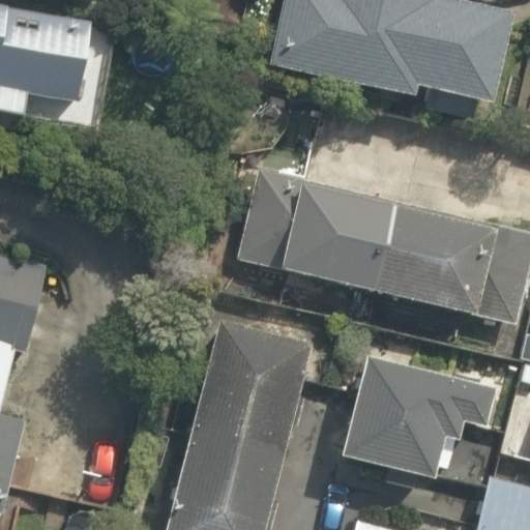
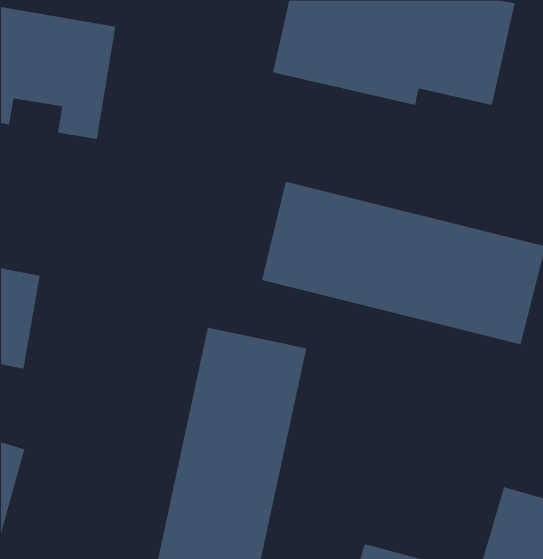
building: [340,355,483,472] -> none

